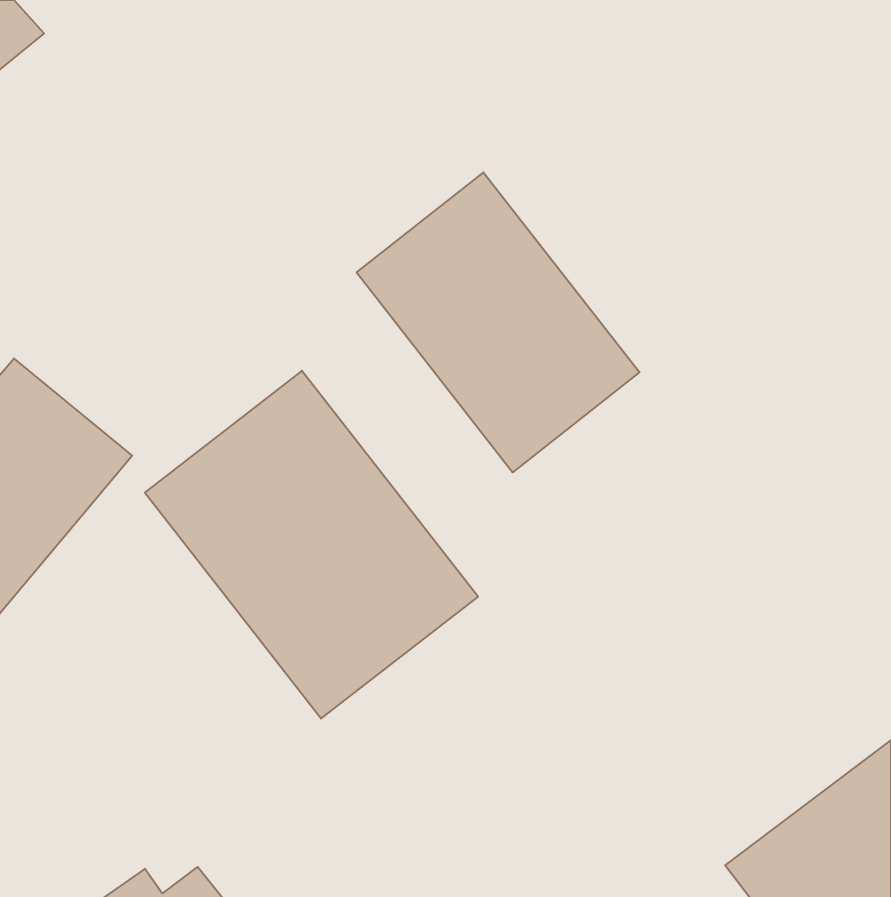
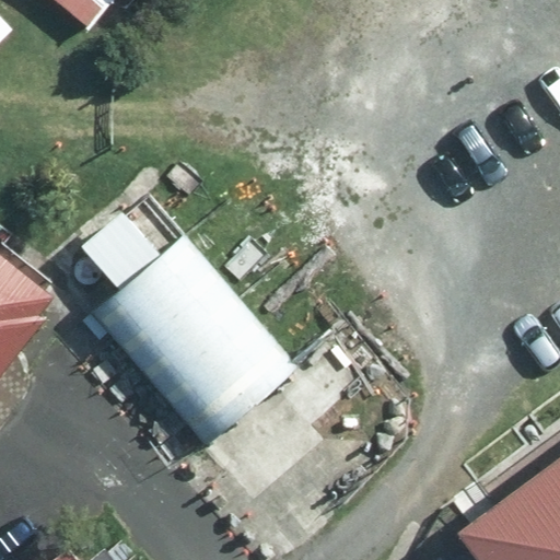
building: [357,172,640,472] -> none

